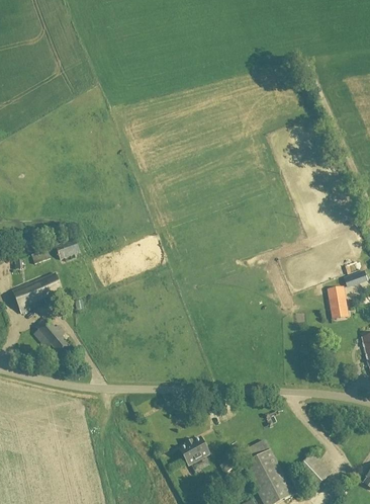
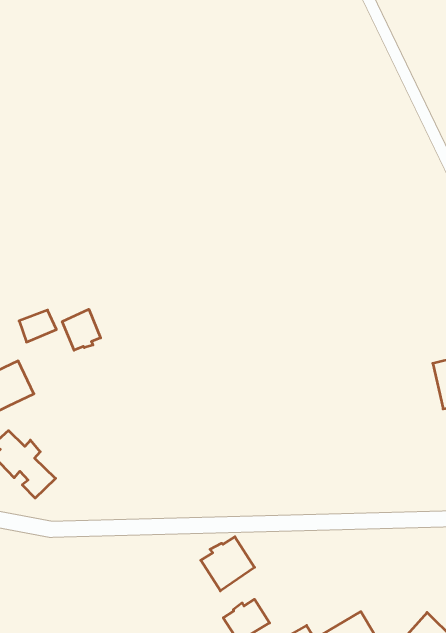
building: none -> [62,309,101,350]
building: none -> [201,537,255,591]

